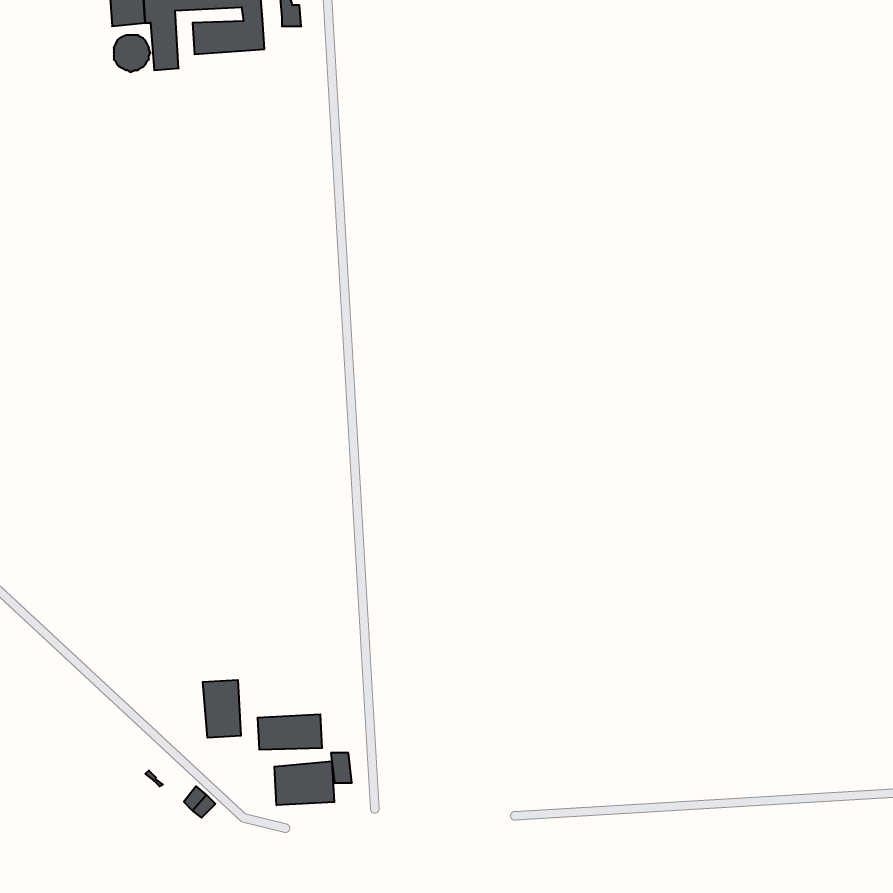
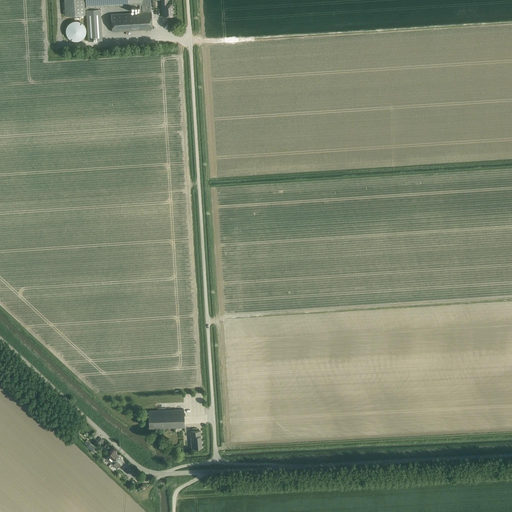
building: [203,680,241,738] -> none
building: [274,761,334,805] -> none

